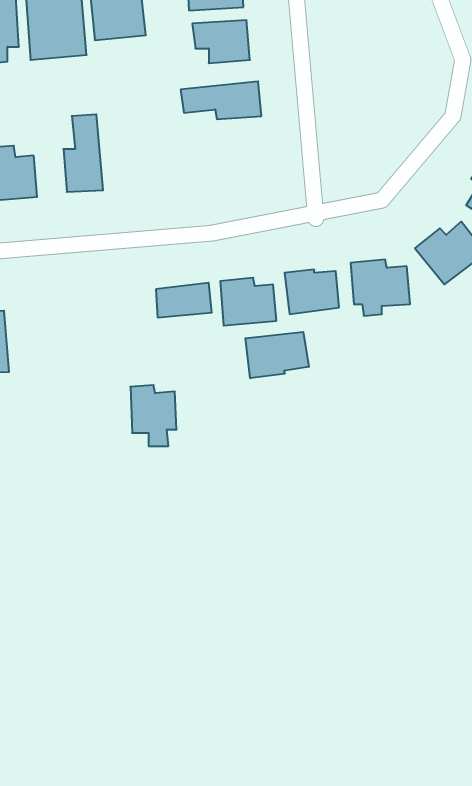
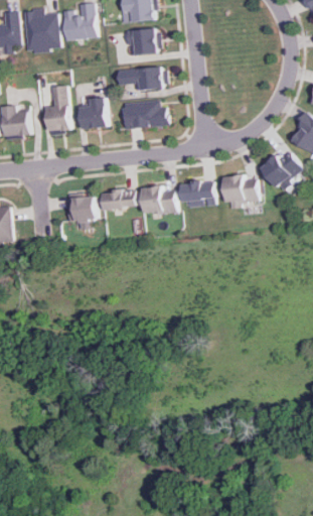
building: none -> [80,98,106,128]
building: none -> [122,99,167,129]
building: [245,332,309,378] -> none
building: [130,385,177,446] -> [67,191,96,229]

